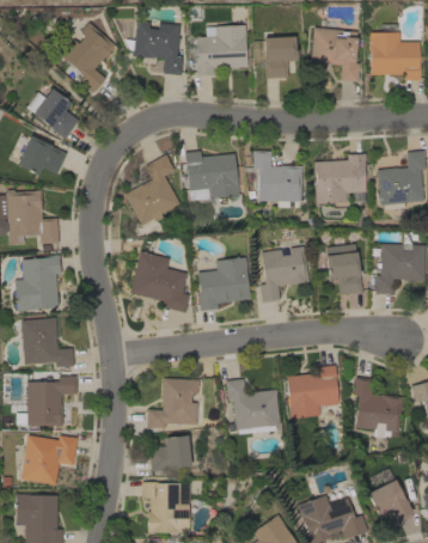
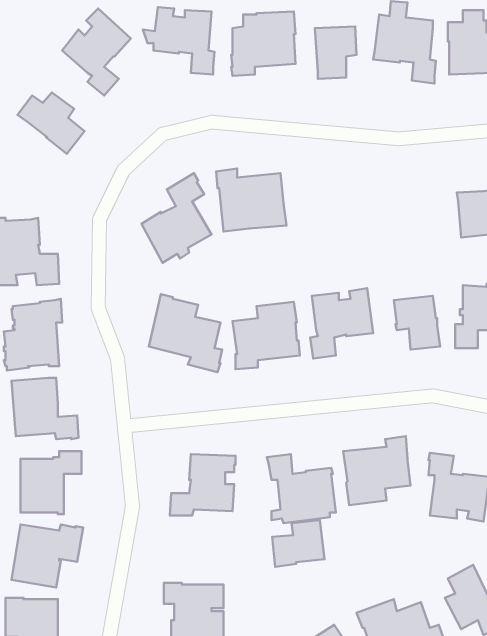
building: [18,136,67,176] -> none
building: [252,151,302,208] -> none
building: [314,153,367,205] -> none
building: [149,435,191,472] -> [272,520,324,567]

